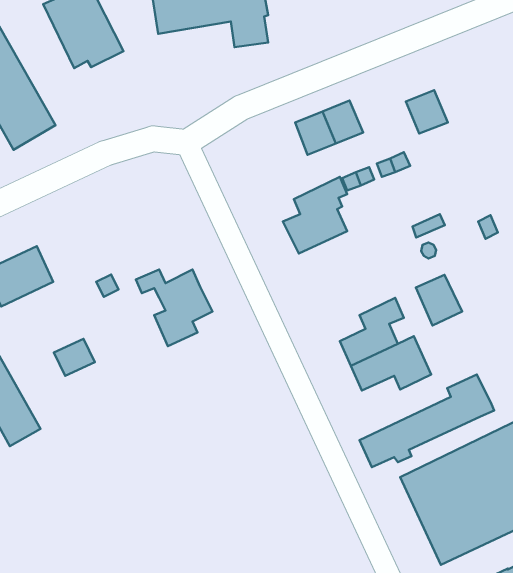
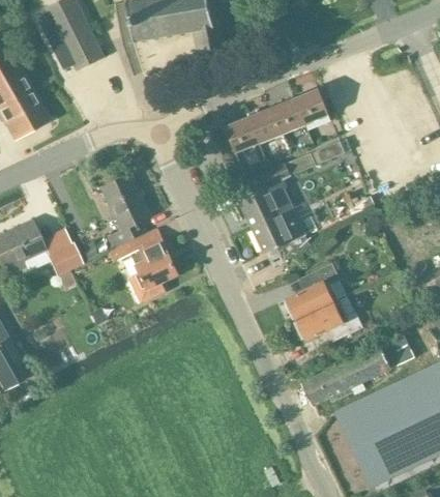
building: [406,90,448,134] -> [294,88,329,124]
building: none -> [225,116,259,153]
building: none -> [101,173,152,247]
building: none -> [252,207,311,261]
building: [416,275,462,326] -> none
building: [54,339,95,376] -> [48,243,82,274]

